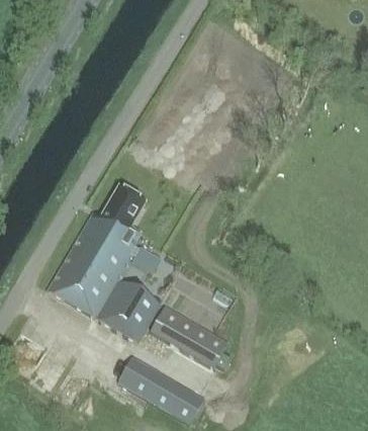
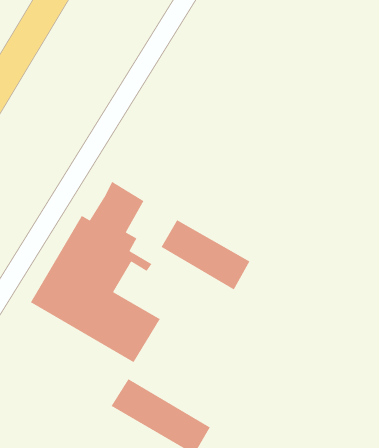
building: [150,307,227,368] -> [160,219,250,290]

